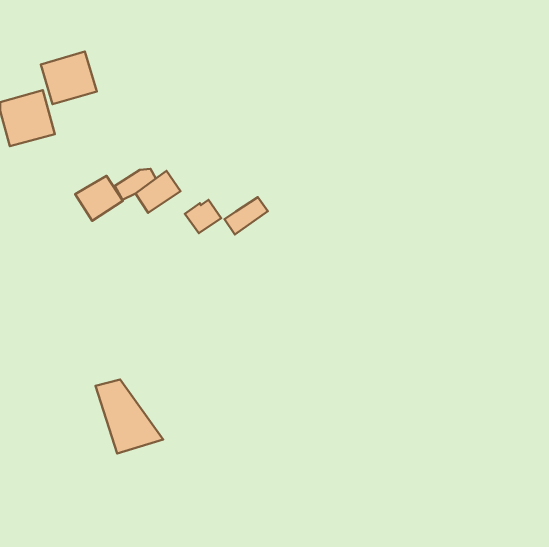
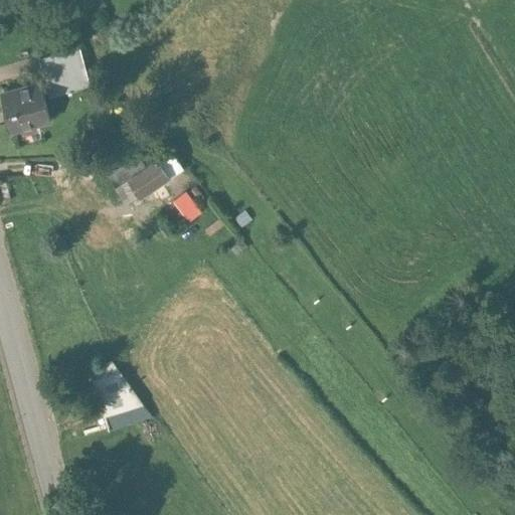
building: [75,176,123,221] -> none
building: [224,197,268,235] -> none

